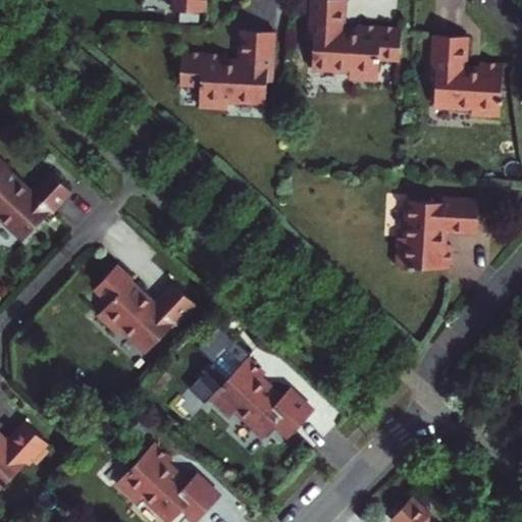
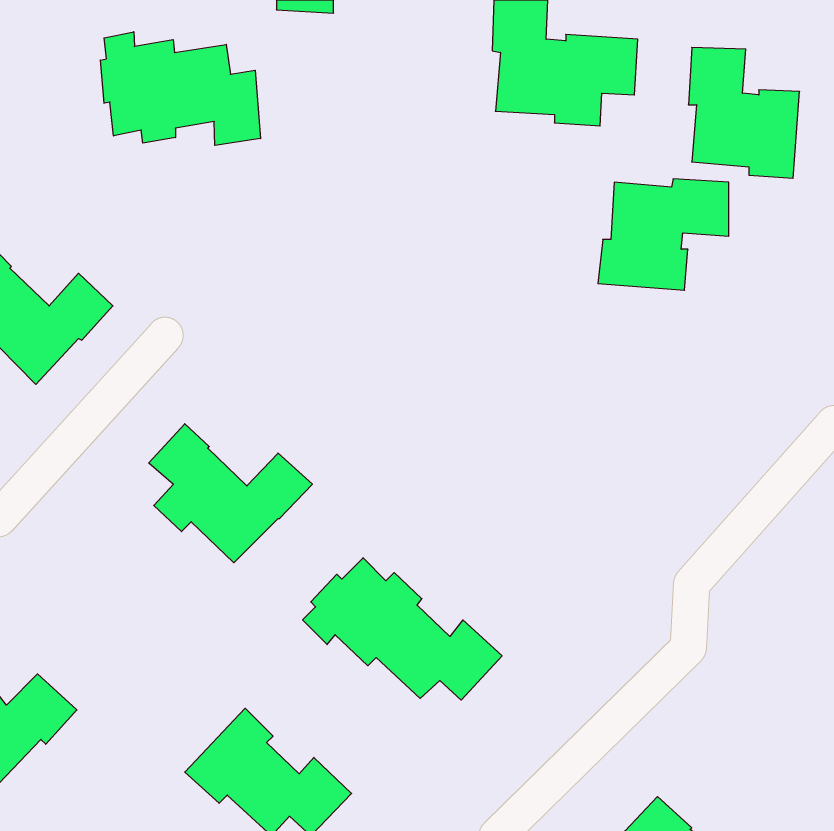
building: none -> [100,32,261,145]
building: [184,33,276,107] -> none
building: [398,198,479,267] -> [598,179,729,290]

